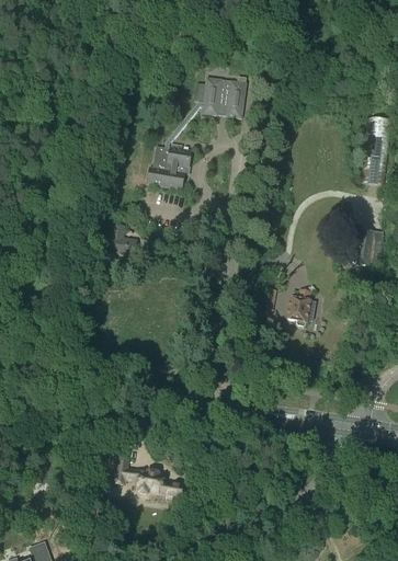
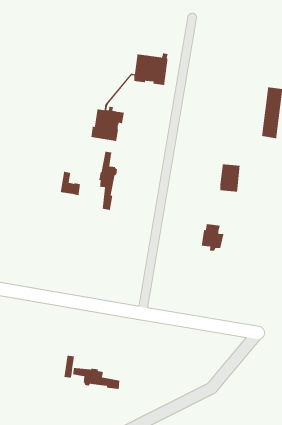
building: none -> [98,151,118,211]
building: [356,230,383,266] -> [219,164,240,192]

